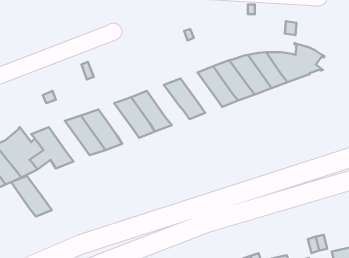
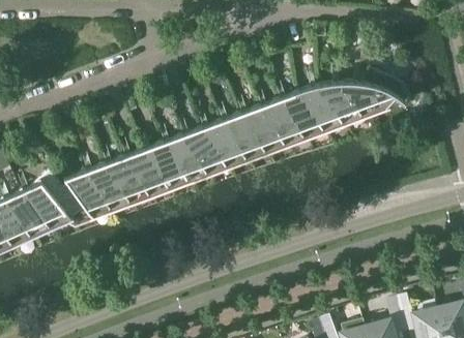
building: none -> [239,106,288,154]
building: none -> [200,121,250,168]
building: none -> [143,143,191,190]
building: [11,176,52,216] -> [85,163,133,211]

